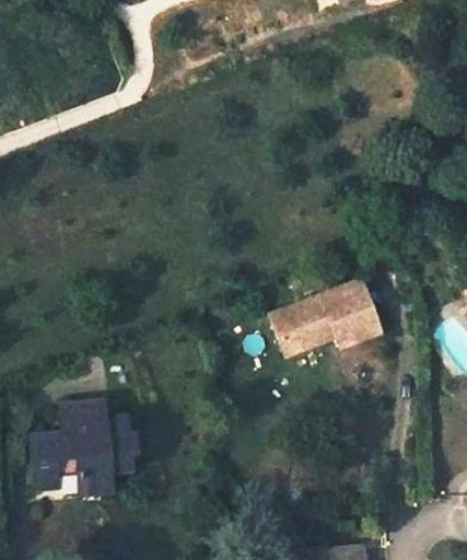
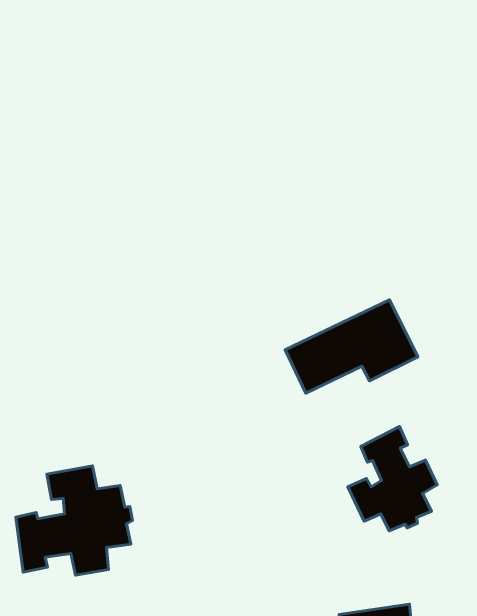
building: none -> [348,427,437,531]

